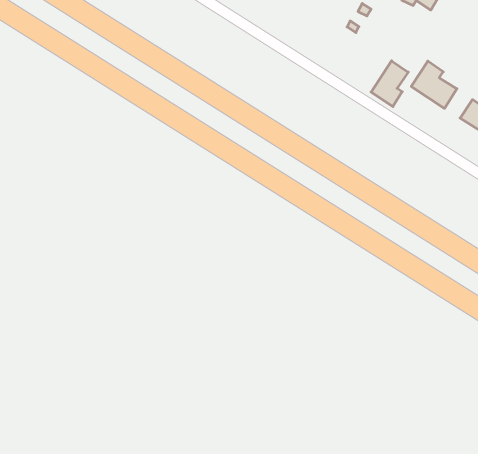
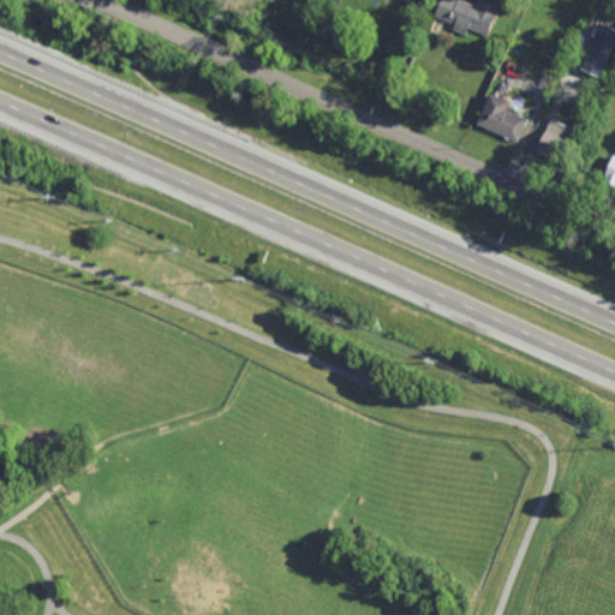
building: [371,61,408,107] -> none

